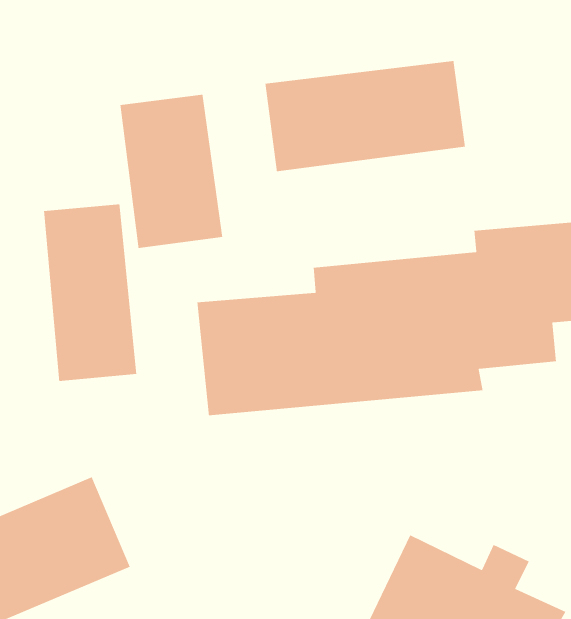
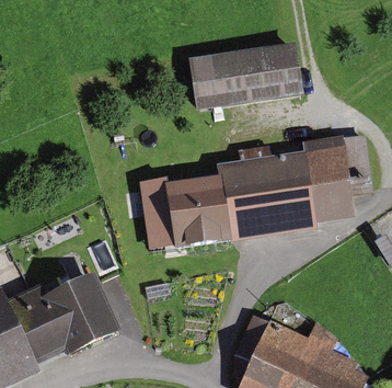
building: [120,94,223,249] -> none
building: [43,204,137,382] -> none

